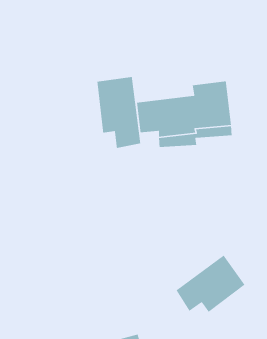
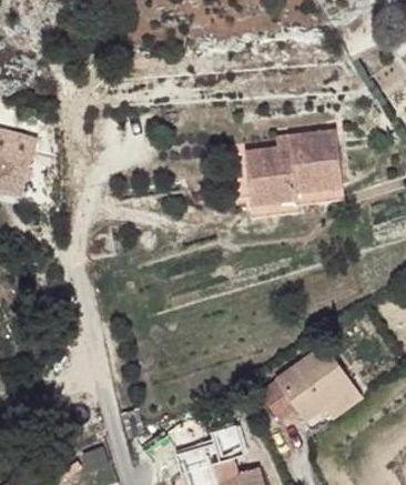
building: [96,76,141,149] -> none

